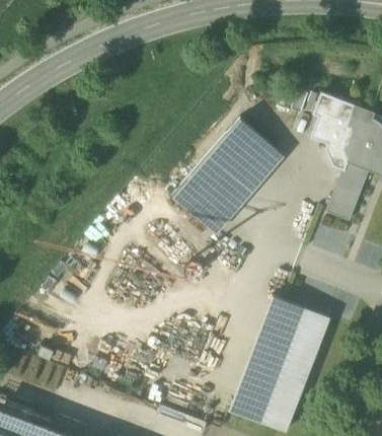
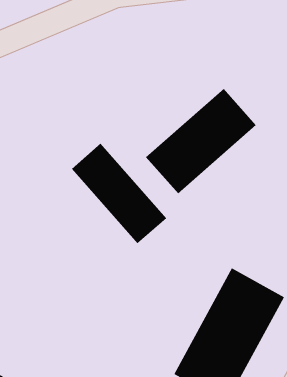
building: none -> [71,143,167,244]

